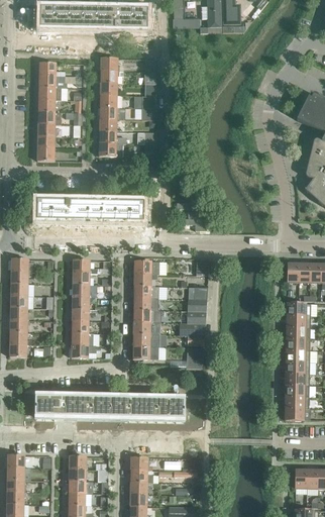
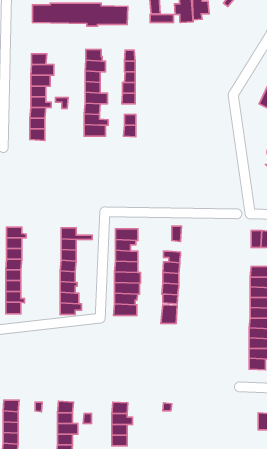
building: [35,196,143,223] -> none
building: [34,395,185,418] -> none

